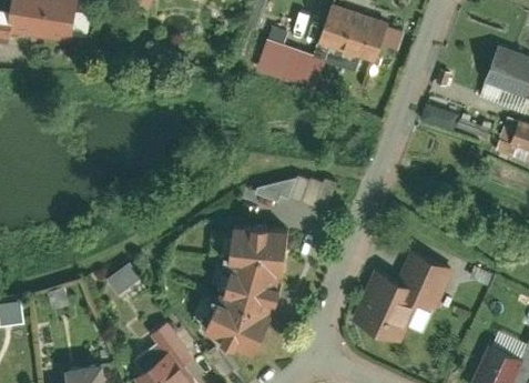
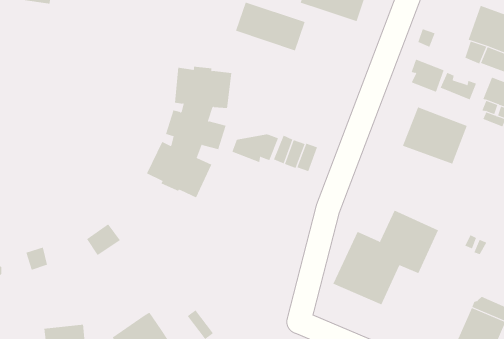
building: none -> [402,106,467,164]
building: [203,222,288,353] -> [146,66,232,198]
building: [151,322,193,367] -> none

